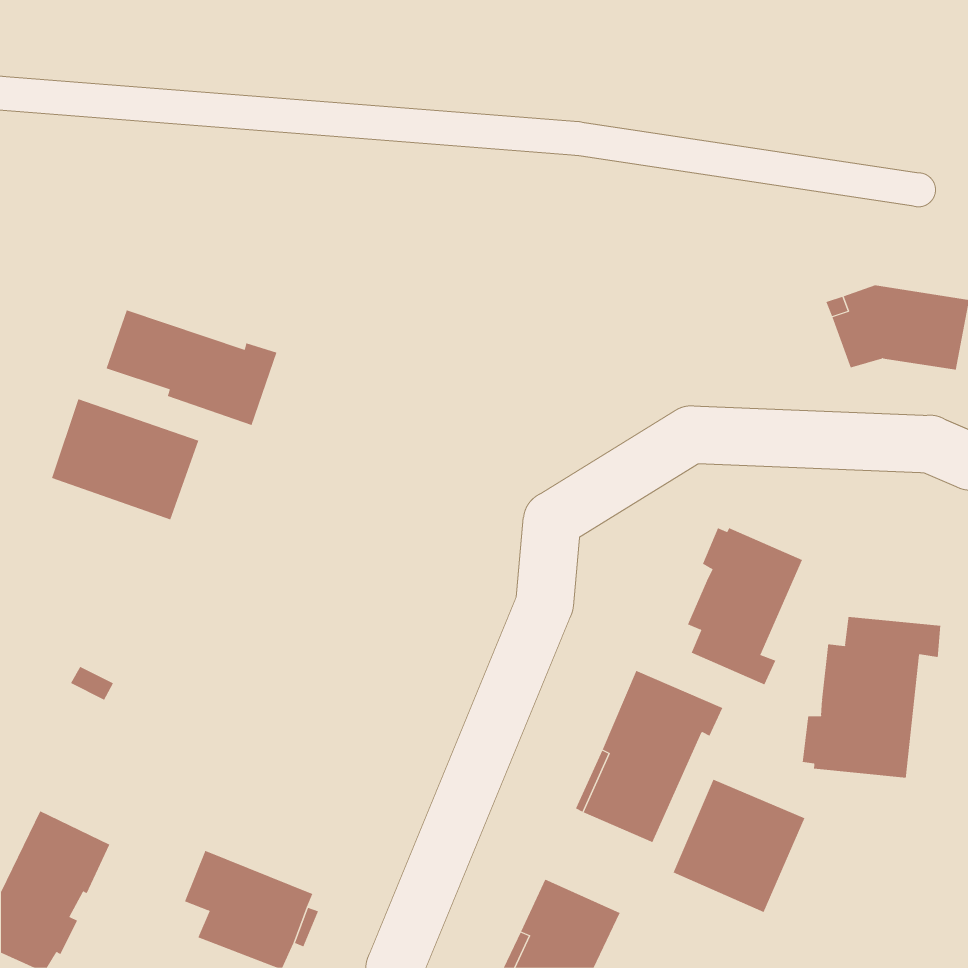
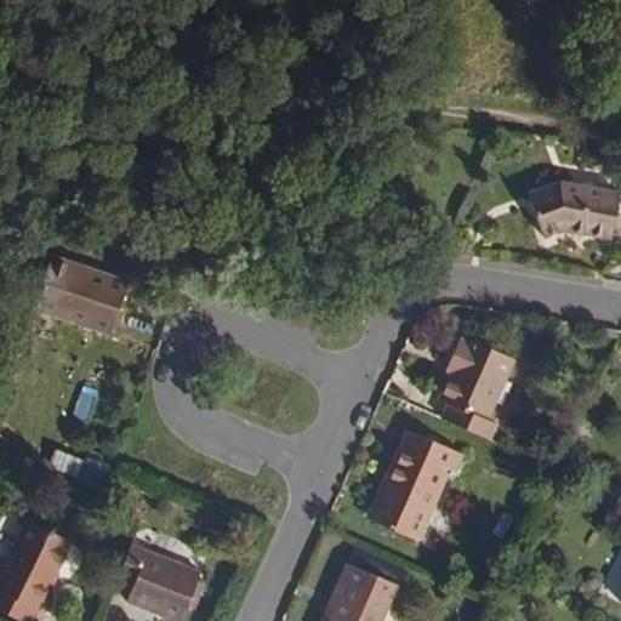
building: [106,310,277,426] -> none
building: [802,616,941,778] -> none
building: [673,779,805,913] -> none

